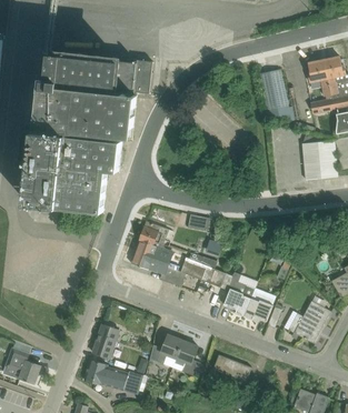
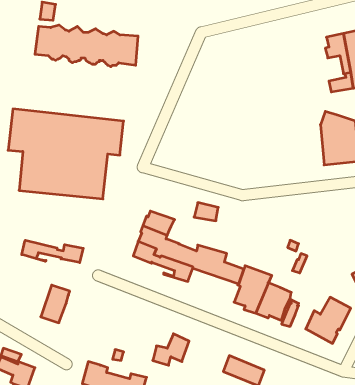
building: [37,58,152,139] -> none
building: [259,69,300,121] -> none
building: none -> [22,240,83,263]
building: [92,324,119,359] -> [41,285,70,323]
building: [176,341,201,376] -> none

